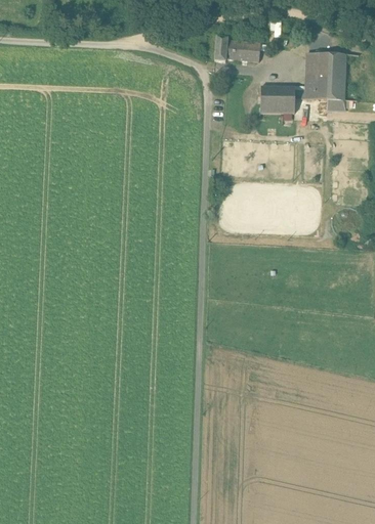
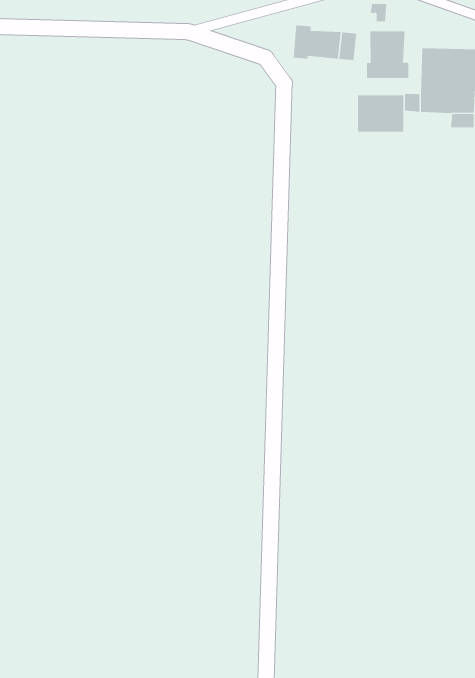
building: none -> [366,31,409,79]

